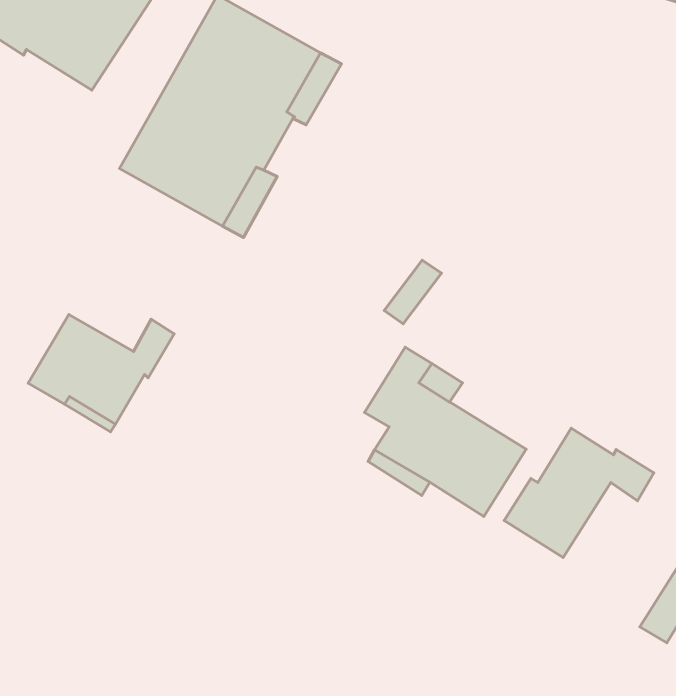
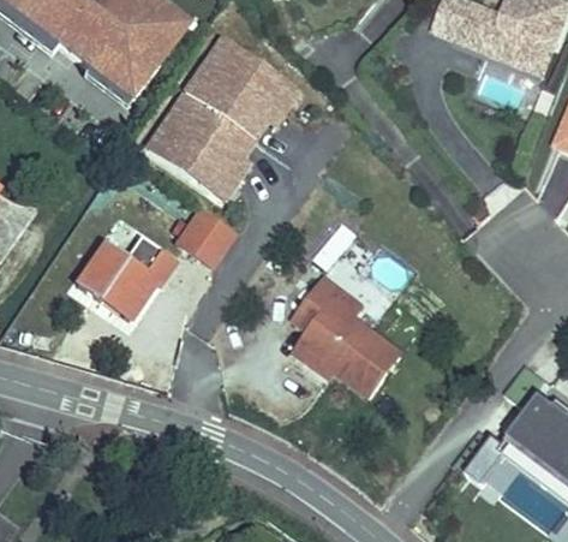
building: none -> [178,208,234,264]
building: [504,428,654,557] -> none

